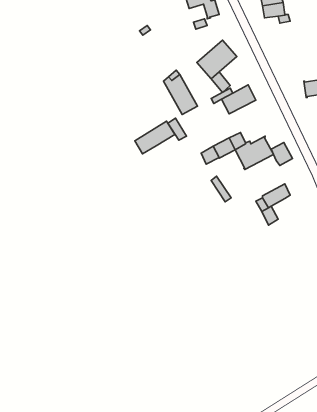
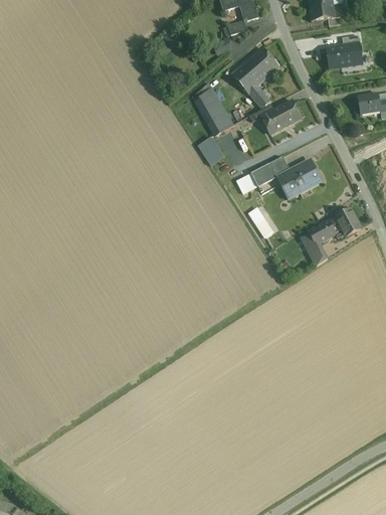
building: none -> [327,35,363,67]
building: [135,121,175,154] -> none
building: [271,142,293,165] -> [336,208,361,235]

